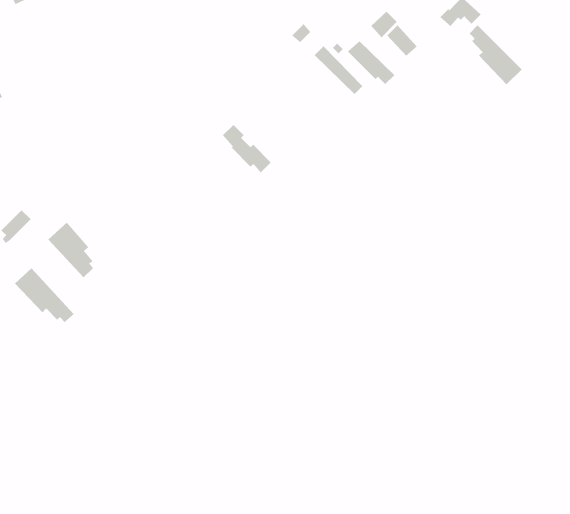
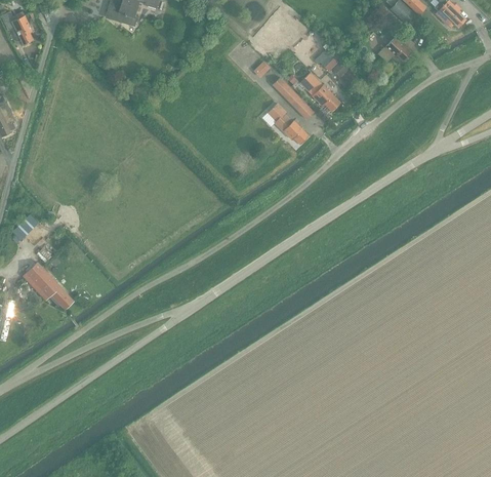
building: [469,24,522,85] -> none
building: [222,124,272,174] -> [269,104,310,145]
building: [48,222,94,278] -> none

